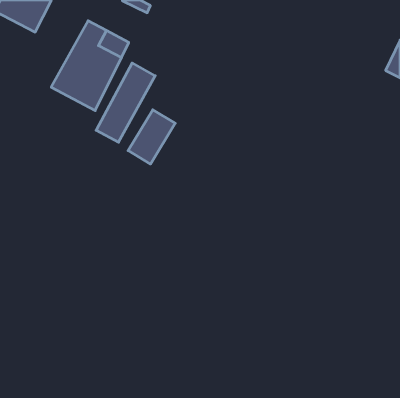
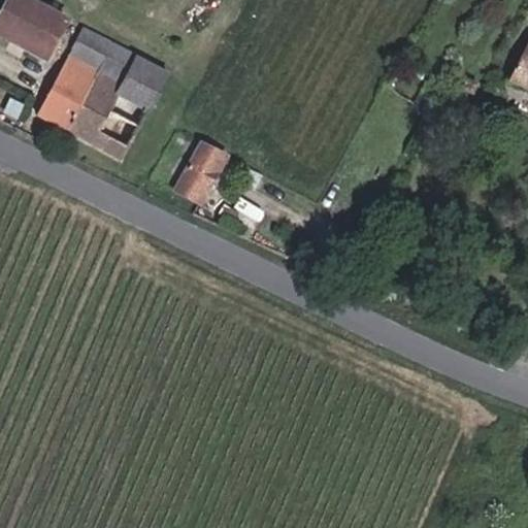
building: [96,63,155,142] -> [37,25,113,127]

